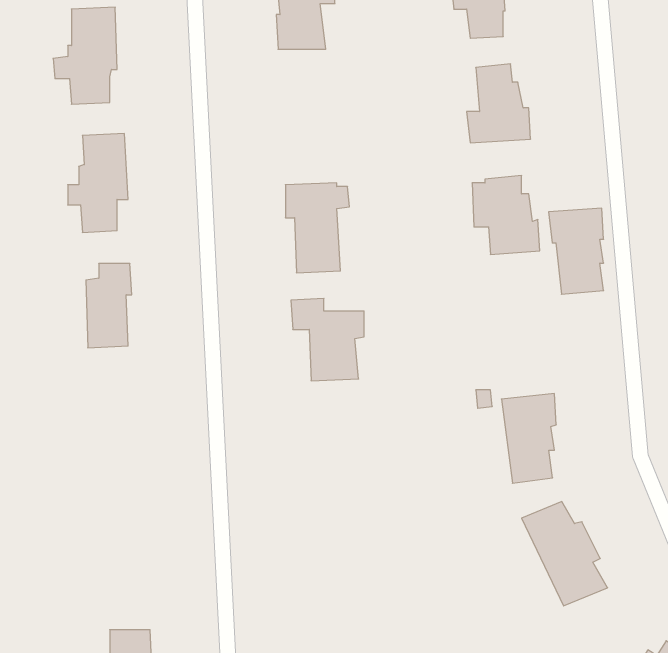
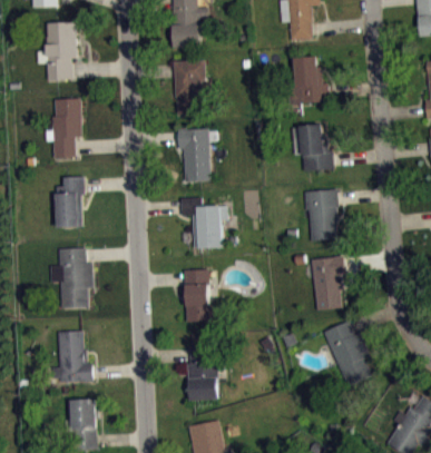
building: none -> [174,61,205,115]
building: [549,208,604,294] -> [303,189,336,242]
building: none -> [50,248,94,308]
building: none -> [185,269,212,322]
building: none -> [53,332,94,383]
building: none -> [186,345,217,401]

